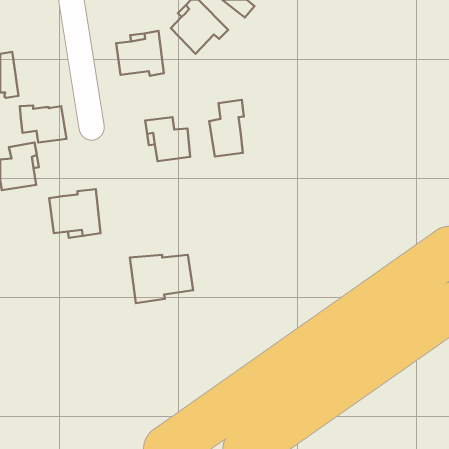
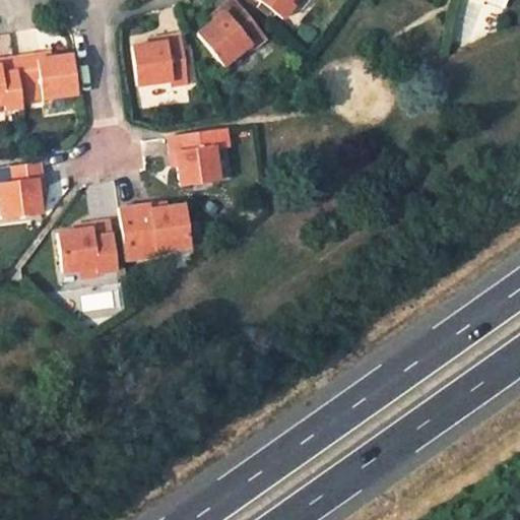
building: [209,100,244,156] -> none
building: [20,105,66,142] -> [20,51,74,93]
building: [130,255,193,303] -> [120,203,193,259]

